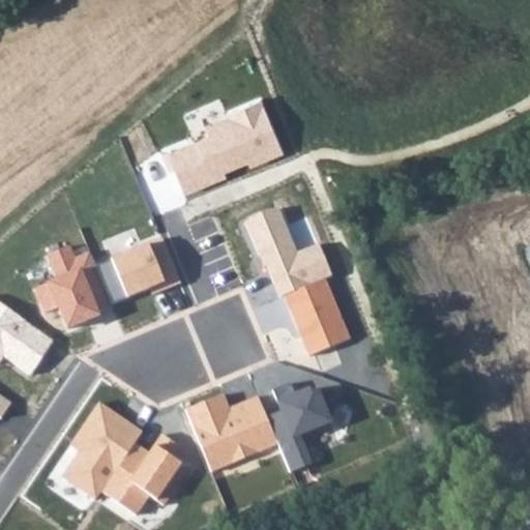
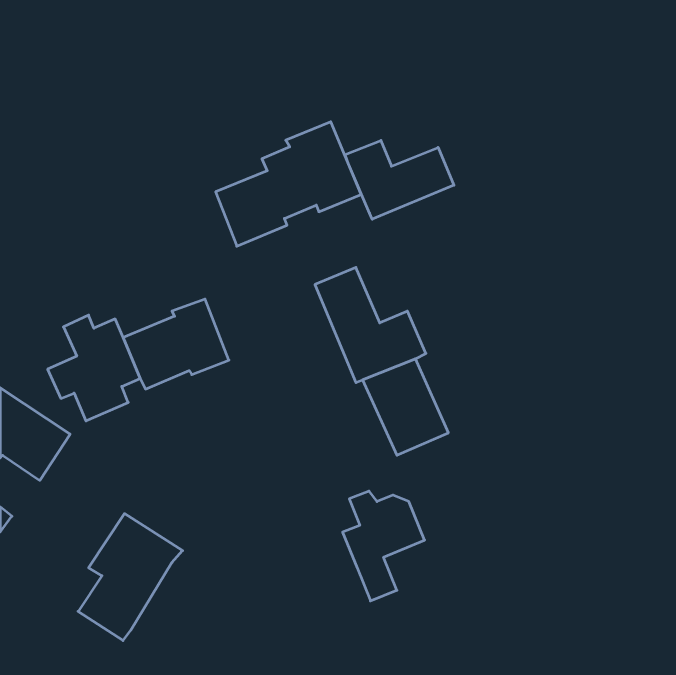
building: none -> [345,140,454,219]
building: [188,395,279,470] -> none
building: [102,432,181,513] -> none

